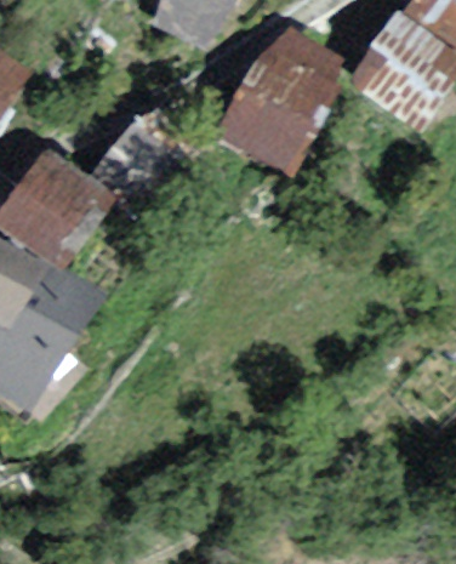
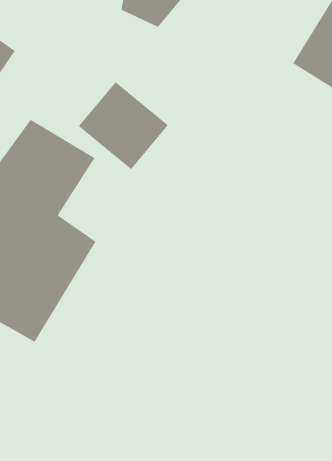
building: [230,17,366,165] -> none

